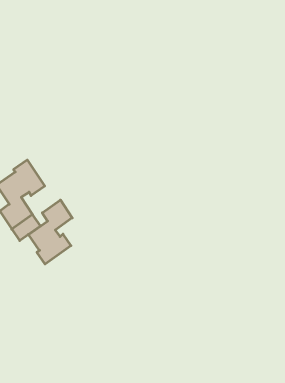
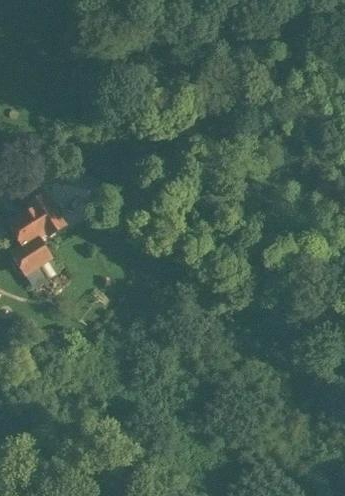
building: [28,200,72,264] -> none

